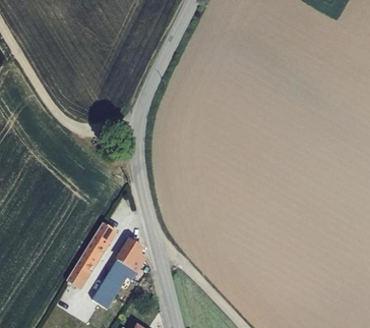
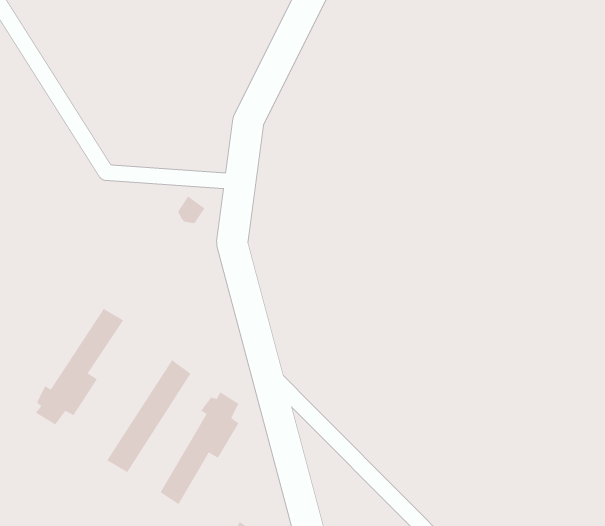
building: none -> [35,308,124,425]

